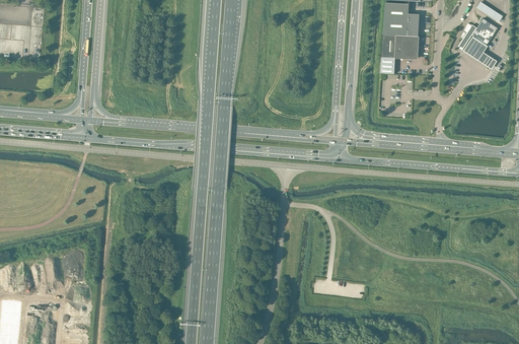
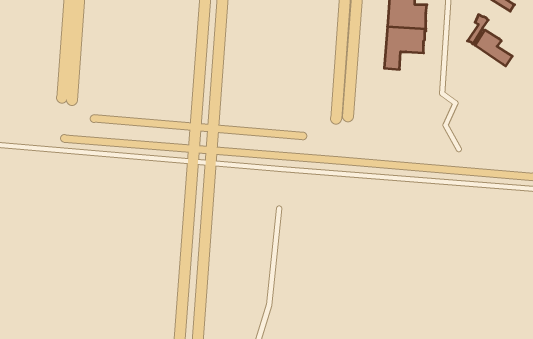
building: [471,17,498,45] -> none

